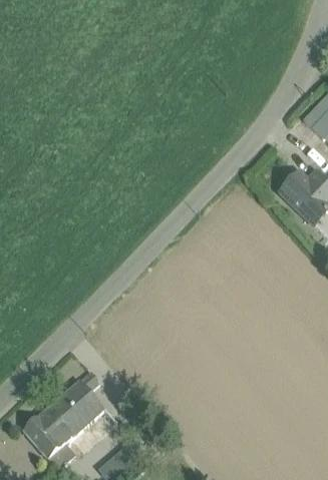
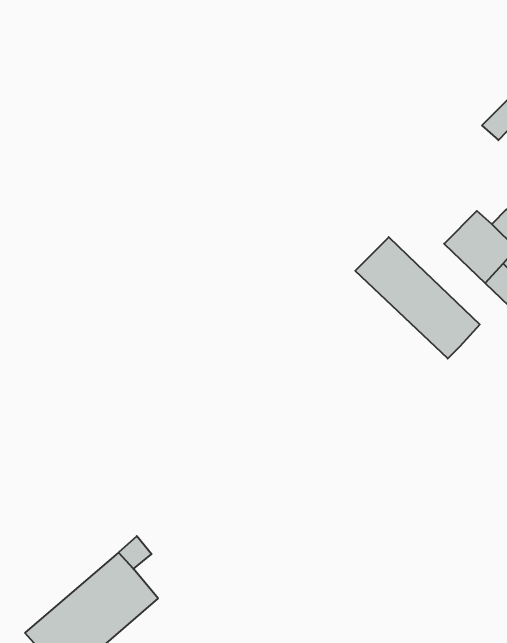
building: none -> [355,237,480,359]

